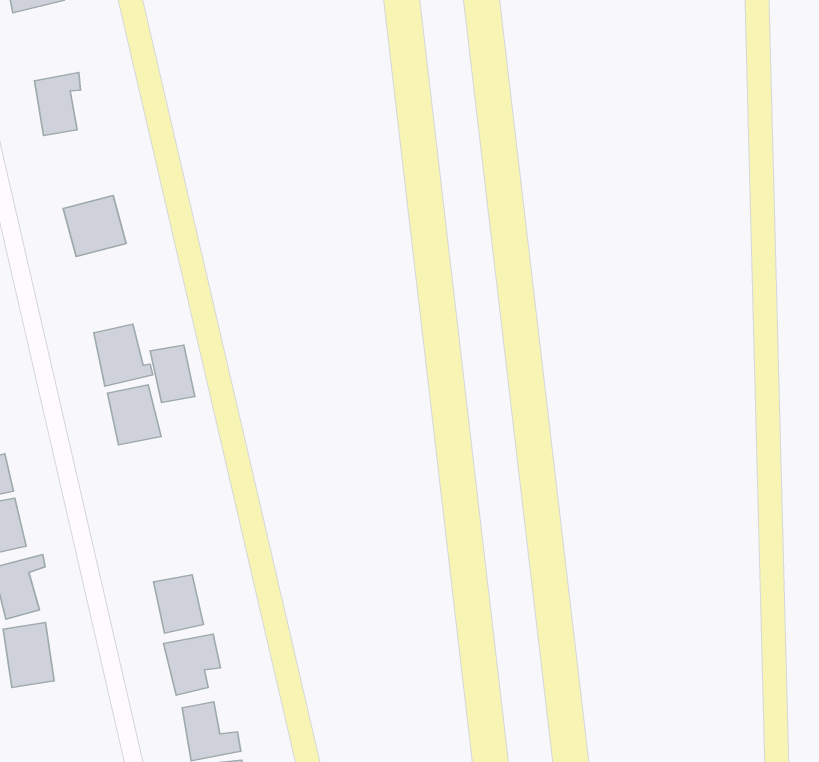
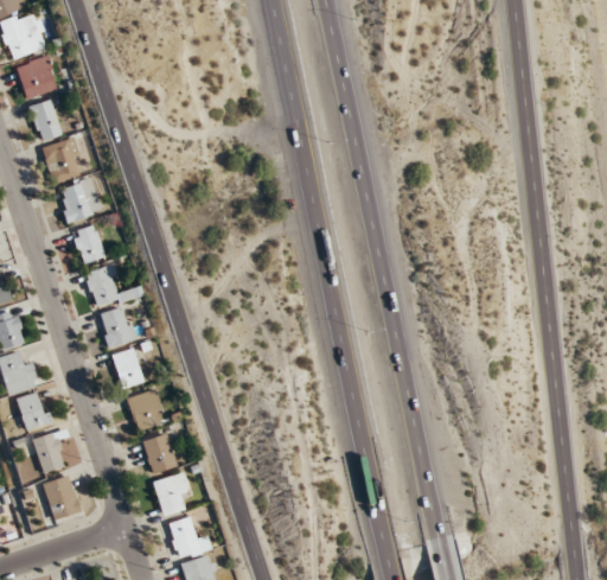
building: none -> [18,58,57,98]
building: none -> [43,139,83,184]
building: none -> [72,225,106,266]
building: [150,345,195,402] -> [111,349,145,389]
building: none -> [126,389,164,433]

